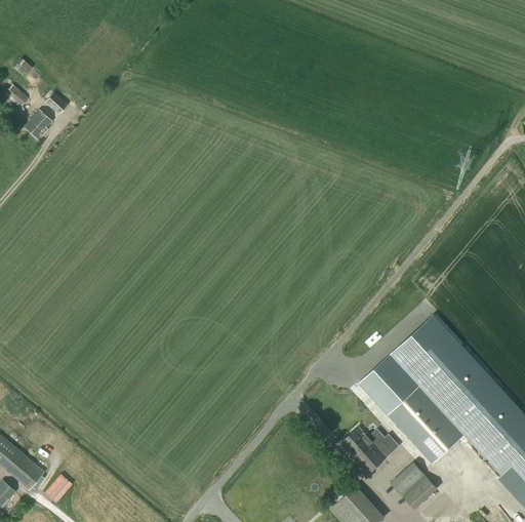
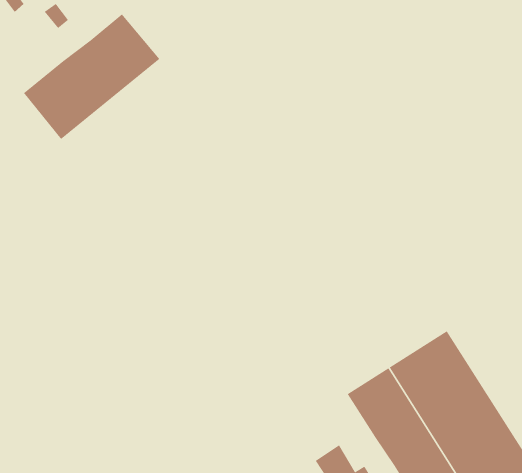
building: none -> [23,14,160,140]
building: [24,110,51,138] -> none

